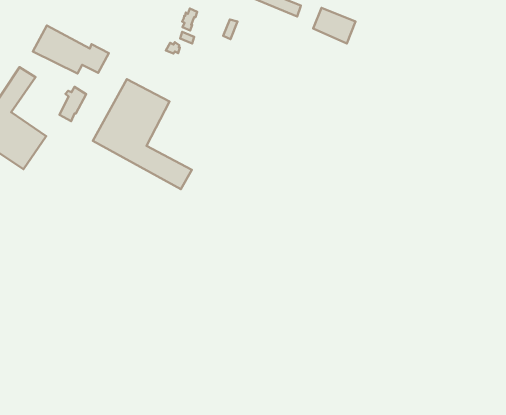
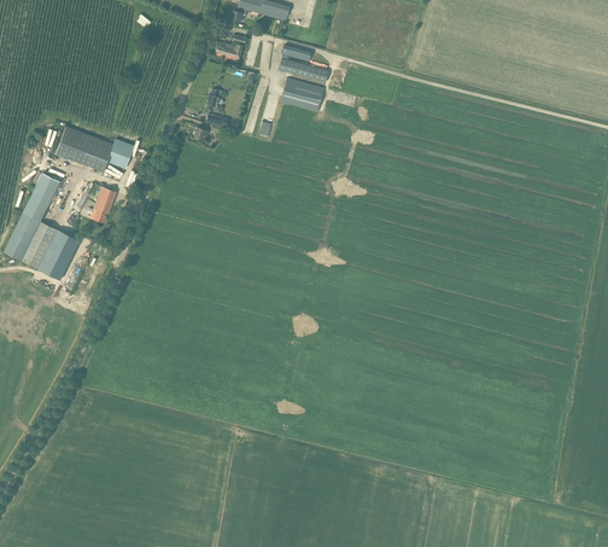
building: [313,8,356,43] -> [280,78,323,112]
building: [93,79,192,189] -> none

